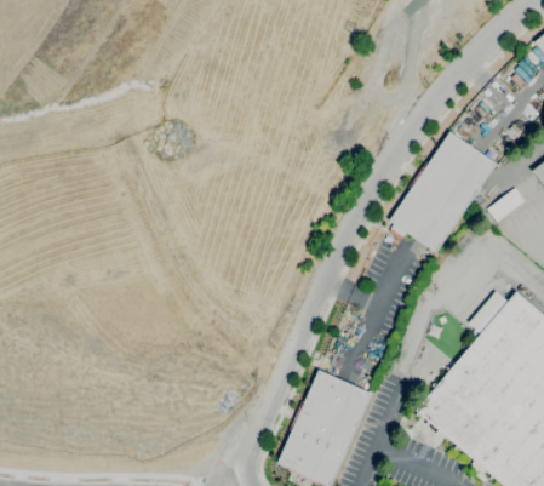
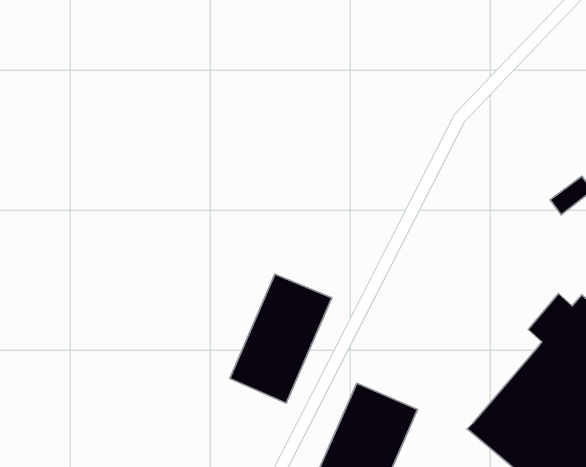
building: [389,132,497,252] -> none
building: none -> [230,274,332,403]

